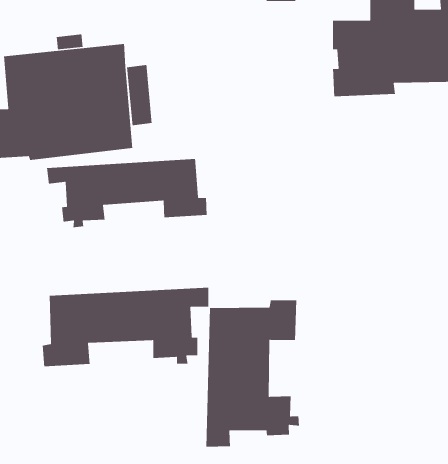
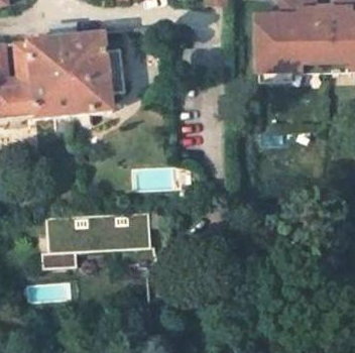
building: [46,158,207,228] -> none
building: [205,300,300,448] -> none

